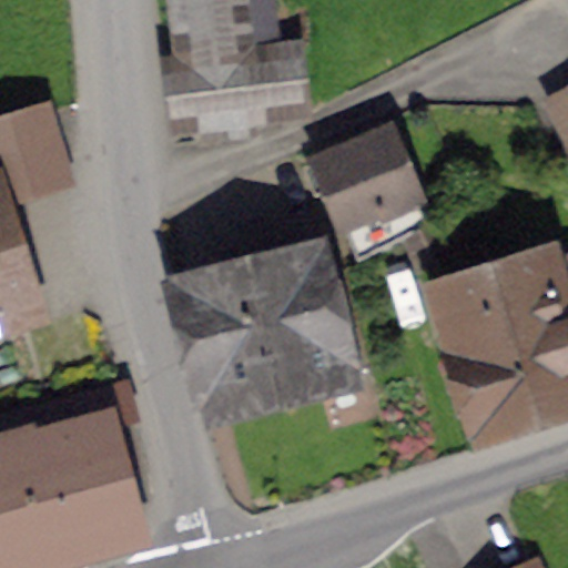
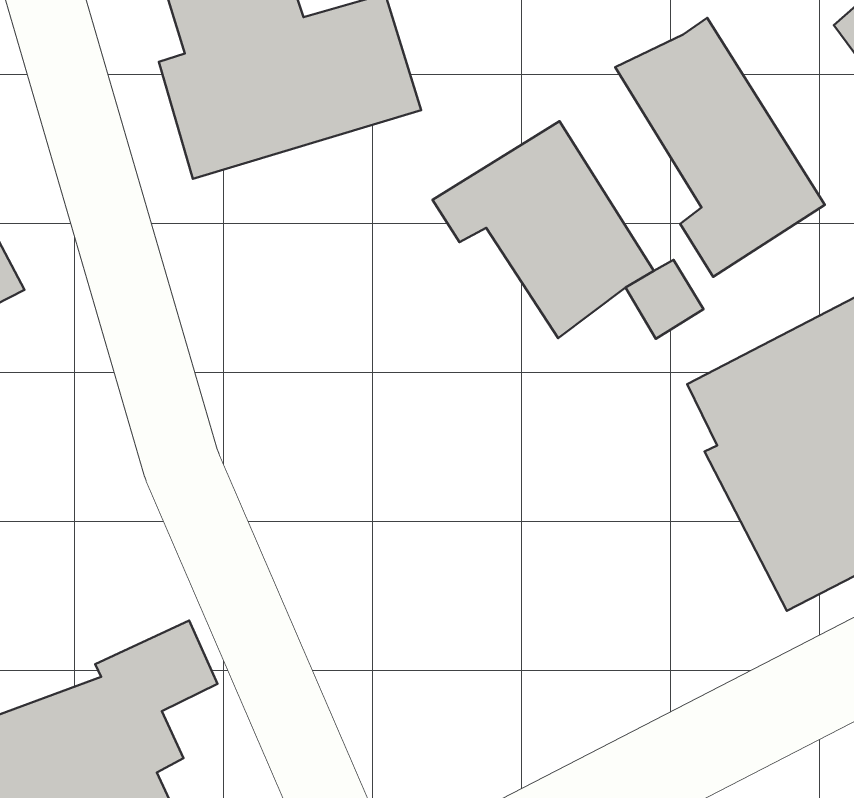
building: none -> [615,18,825,277]
building: [183,245,363,394] -> none

